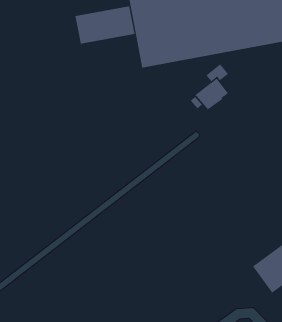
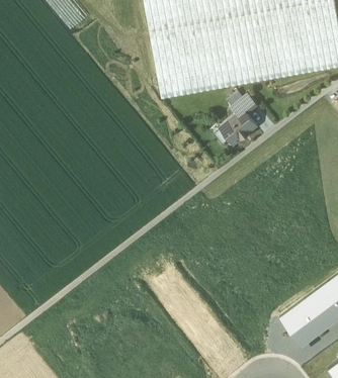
building: [75,5,135,45] -> none

